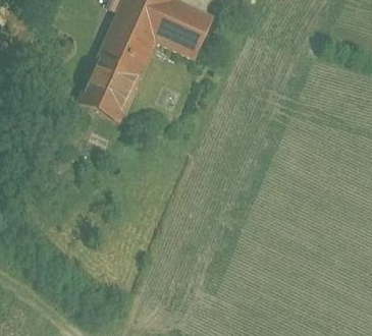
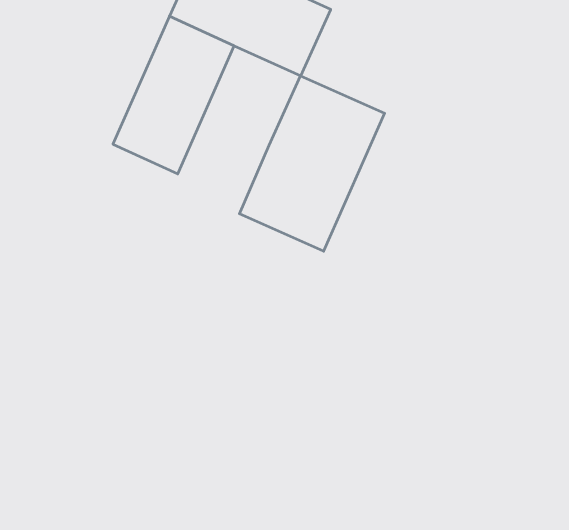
building: none -> [239,76,385,251]

